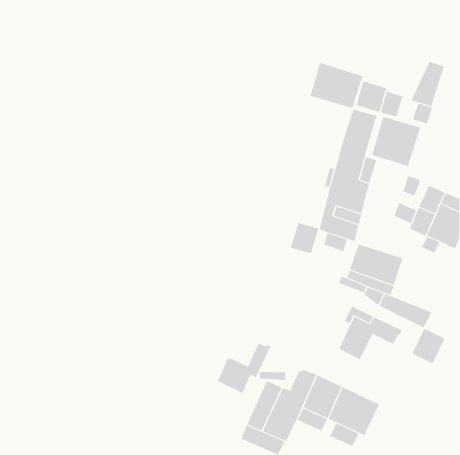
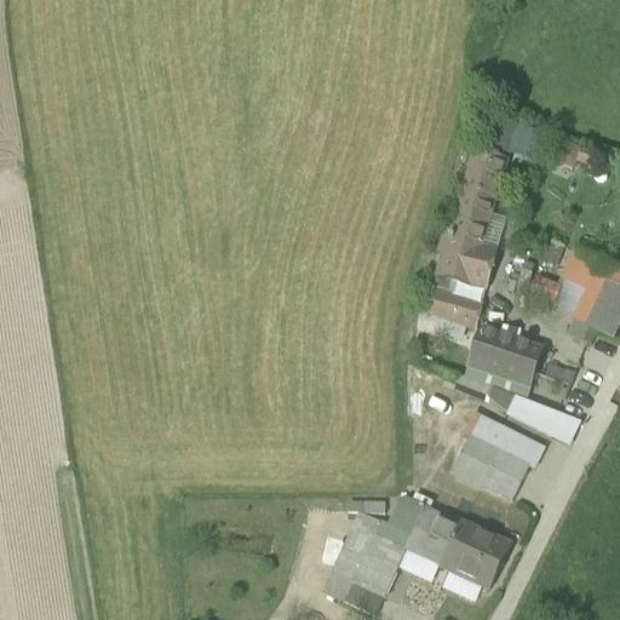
building: [411,61,444,107] -> none
building: [310,62,363,109] -> none
building: [372,116,421,167] -> none
building: [290,222,319,254] -> none
building: [411,328,446,364] -> [484,450,530,499]
building: [217,343,271,394] -> none

